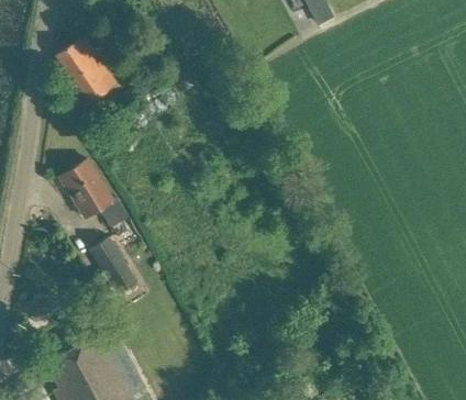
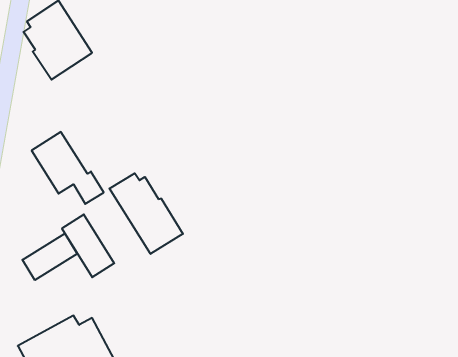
building: none -> [109,173,183,254]
building: none -> [22,234,77,280]

